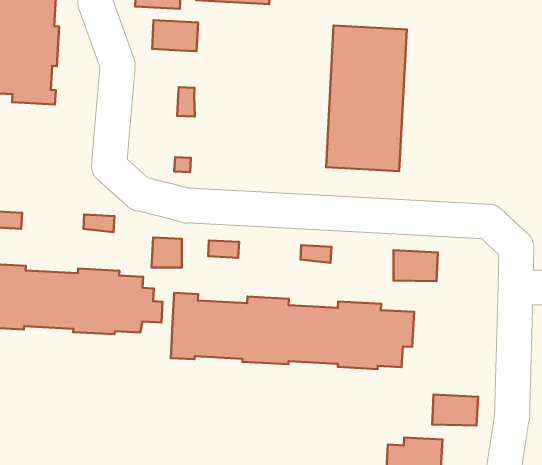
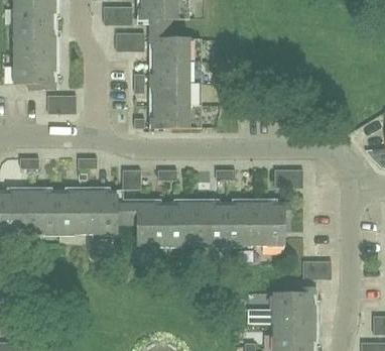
building: [326,26,407,171] -> [152,38,199,128]
building: none -> [46,95,75,113]

